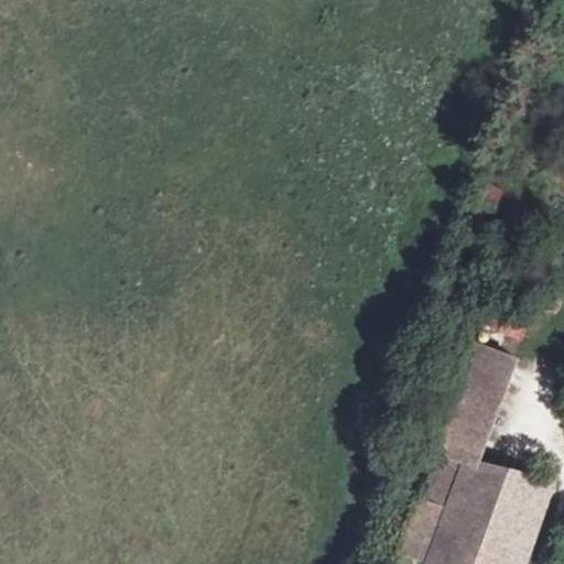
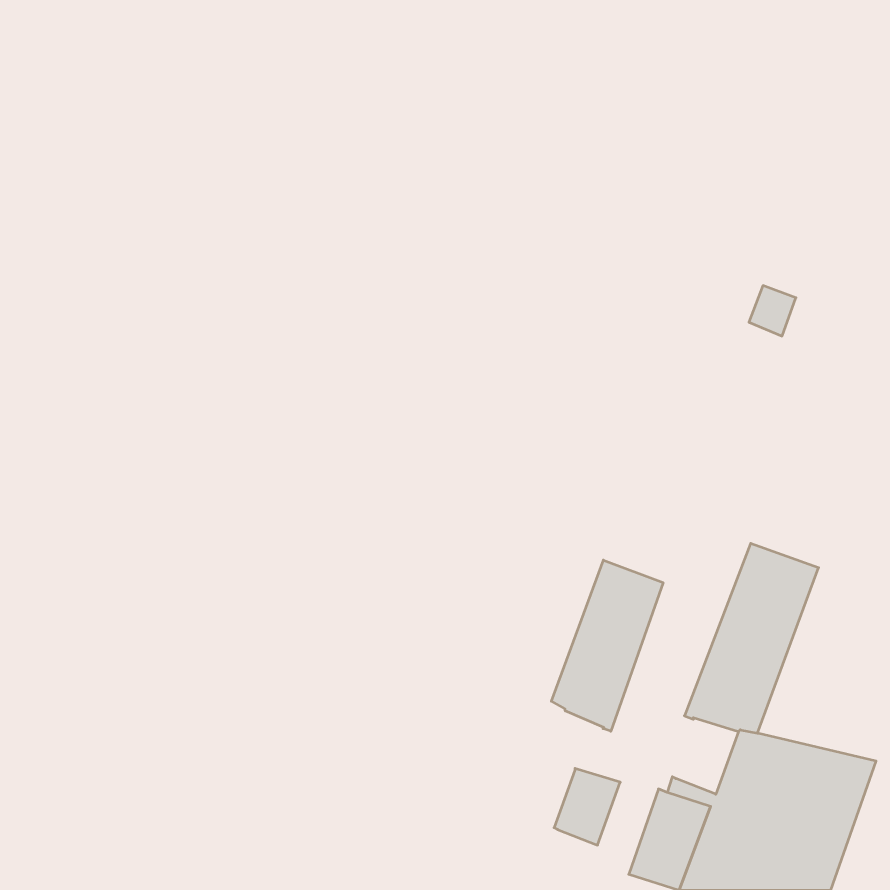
building: none -> [551,560,663,731]
building: [425,454,467,502] -> [554,768,620,845]

